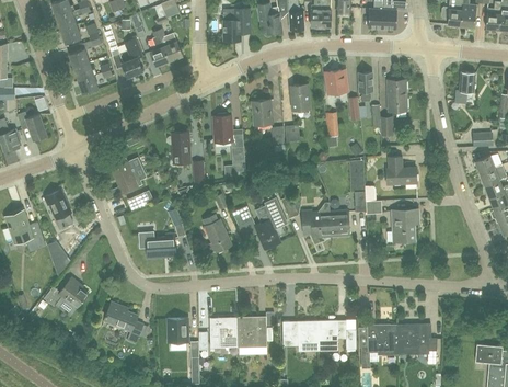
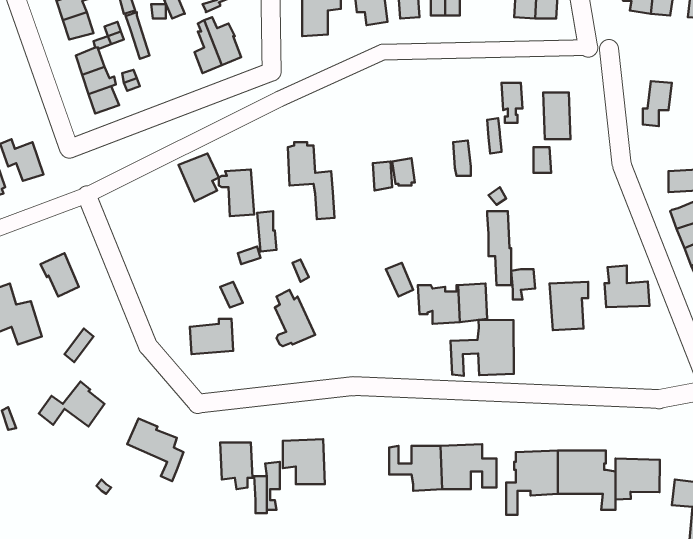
building: [122,37,143,77] -> none
building: [325,69,348,93] -> none
building: [290,83,311,112] -> none
building: [252,99,273,125] -> none
building: [386,156,417,184] -> [604,266,649,307]
building: [112,160,139,193] -> [179,153,219,202]
building: [254,197,287,248] -> none
building: none -> [451,320,514,376]
building: [238,316,273,354] -> none
building: none -> [616,458,660,500]

